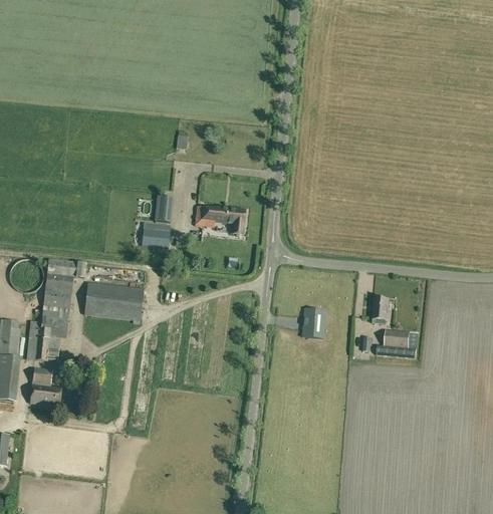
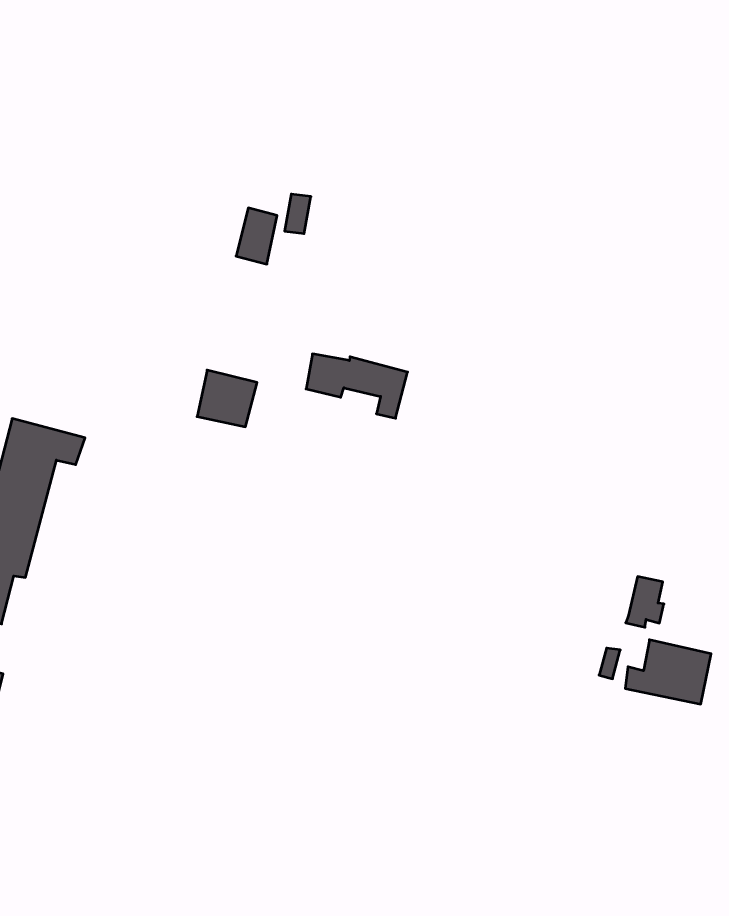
building: [154,194,172,221] -> [236,208,277,264]
building: [83,281,143,322] -> none
building: [301,307,323,337] -> none

